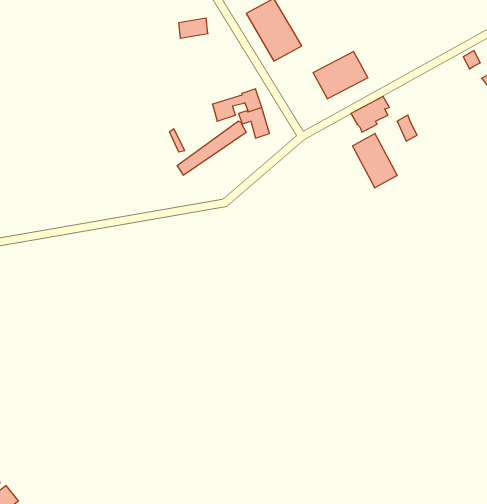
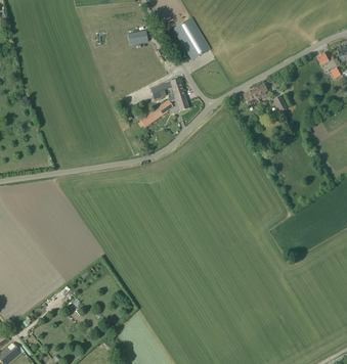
building: [313,51,368,99] -> none
building: [353,133,397,188] -> none

